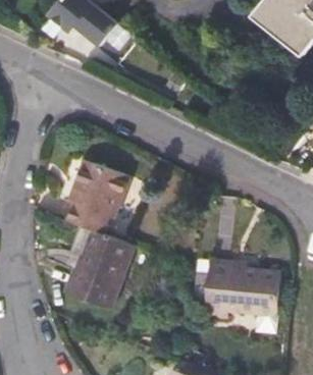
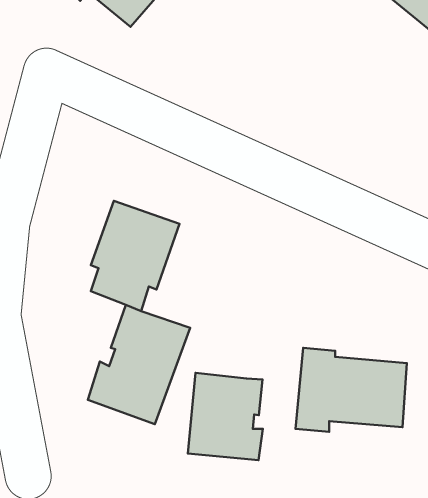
building: none -> [188,373,263,460]

